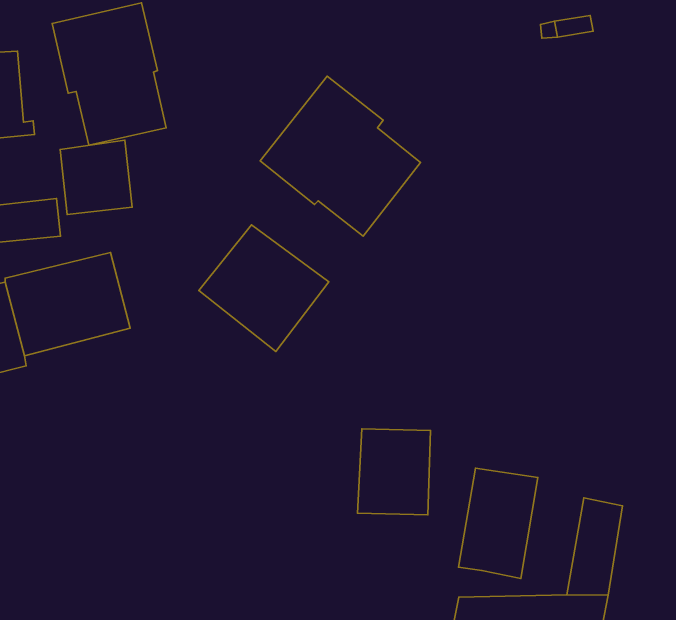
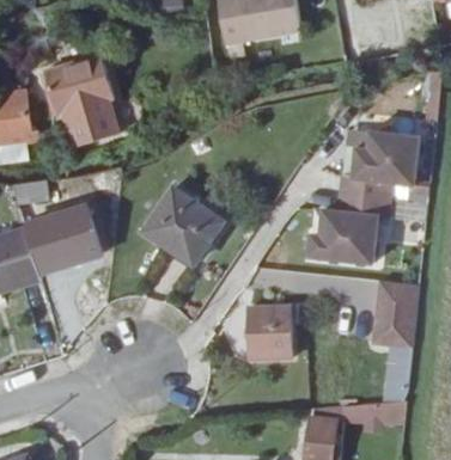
building: [260,76,421,236] -> none
building: [60,140,132,214] -> none
building: none -> [309,131,420,263]
building: [459,468,538,579] -> [372,281,418,346]

